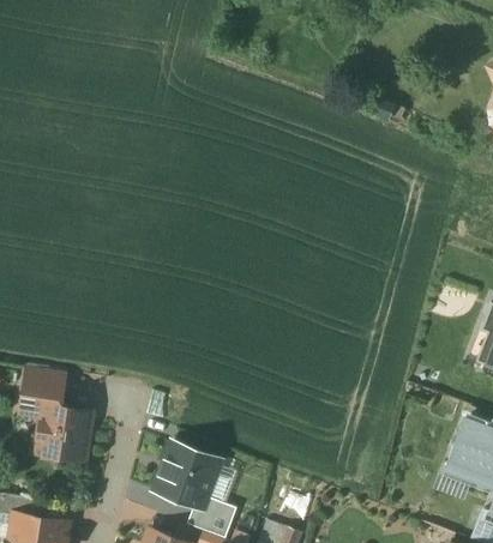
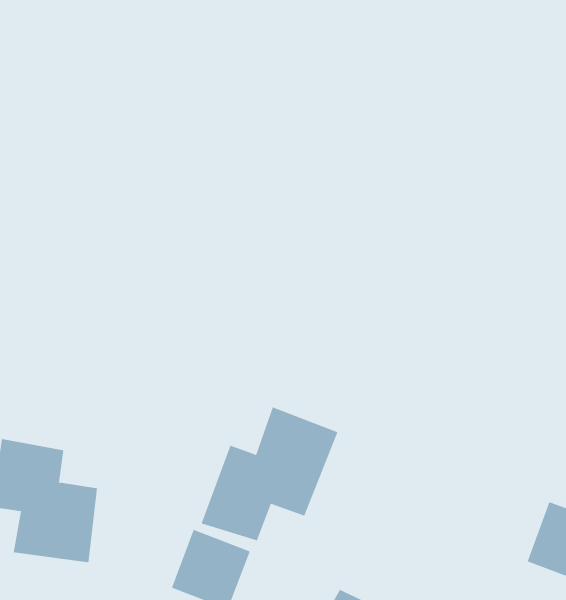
building: none -> [201,407,338,541]

